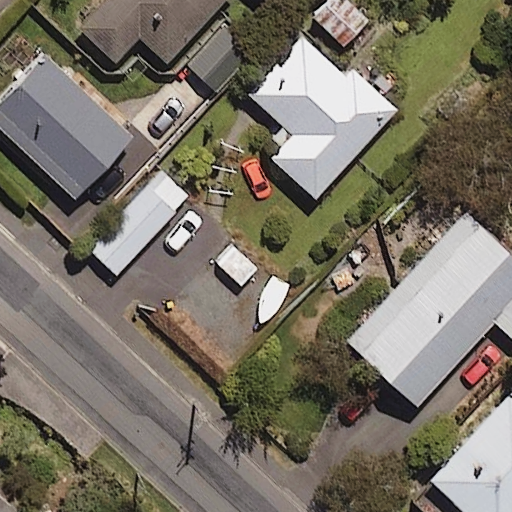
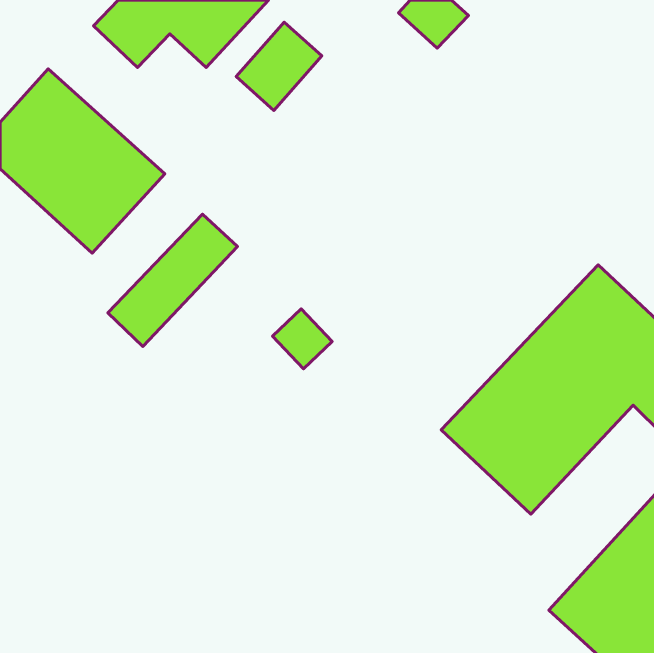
building: [250,37,413,196] -> none

